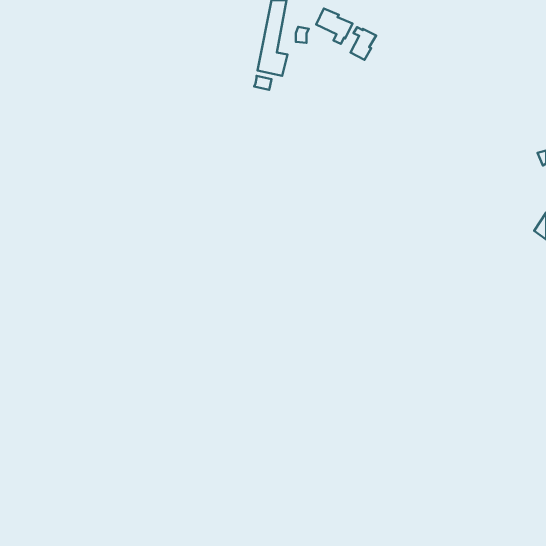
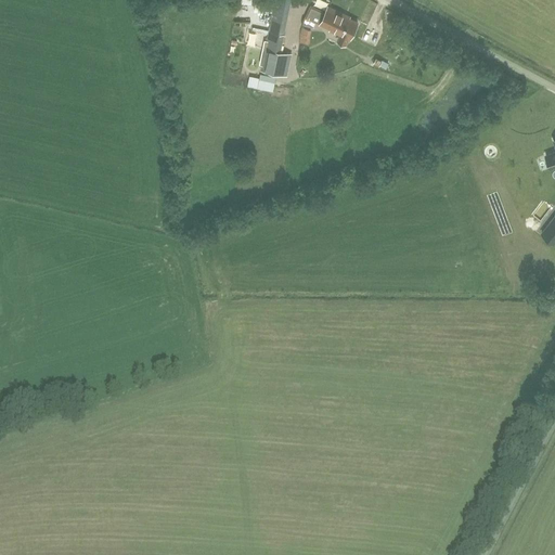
building: [351,27,376,60] -> none

